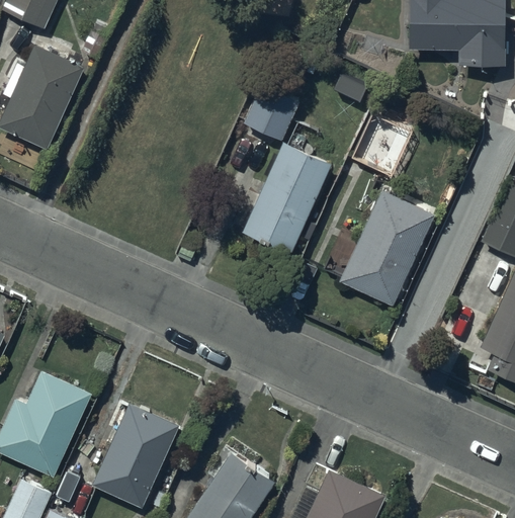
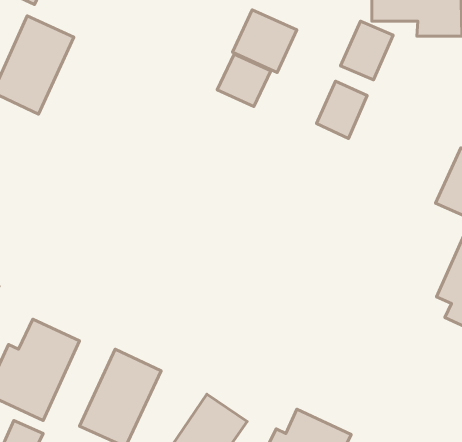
building: none -> [233,10,297,72]
building: none -> [341,21,393,80]
building: [242,143,331,253] -> none
building: [335,190,435,306] -> none

